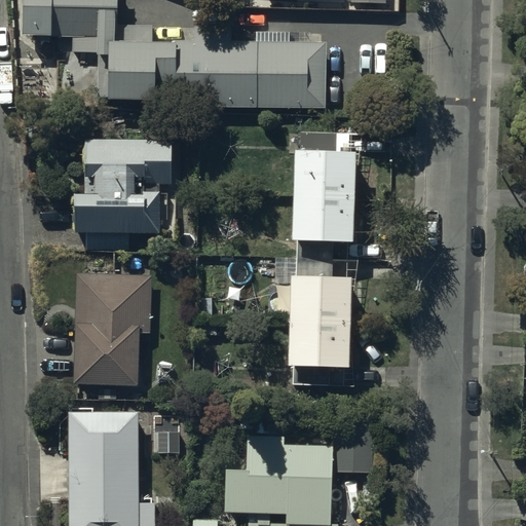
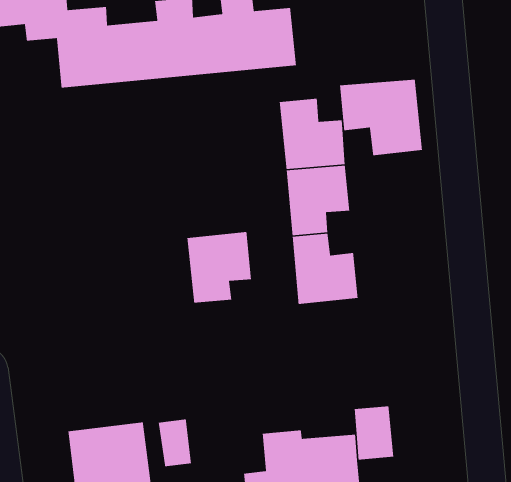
building: none -> [339,79,423,156]
building: [75,142,171,233] -> none
building: [77,276,148,385] -> none
building: [293,323,350,385] -> [187,231,252,304]

